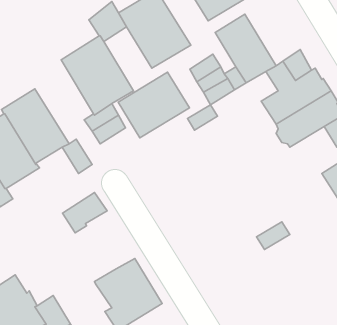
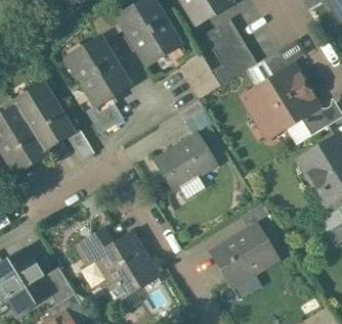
building: [118,72,189,138] -> [155,133,218,191]
building: [62,192,107,233] -> [76,228,116,264]
building: none -> [212,225,277,285]

